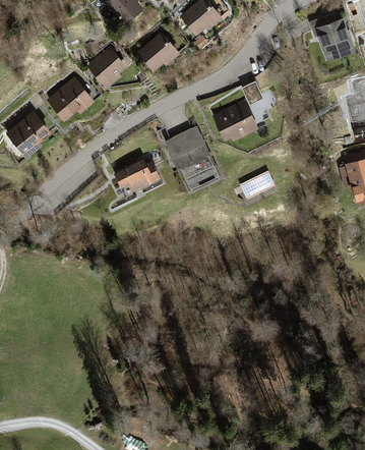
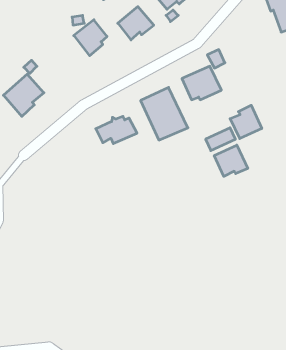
building: [47,77,95,120] -> none
building: none -> [230,105,262,139]
building: none -> [214,145,248,176]

